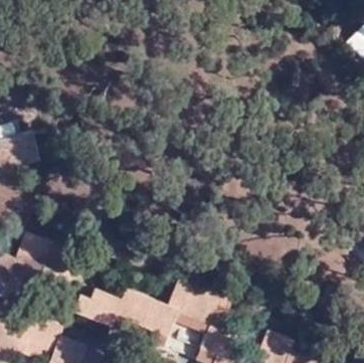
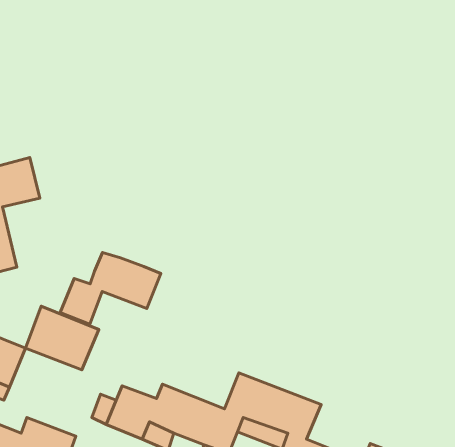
building: none -> [60,252,161,324]

